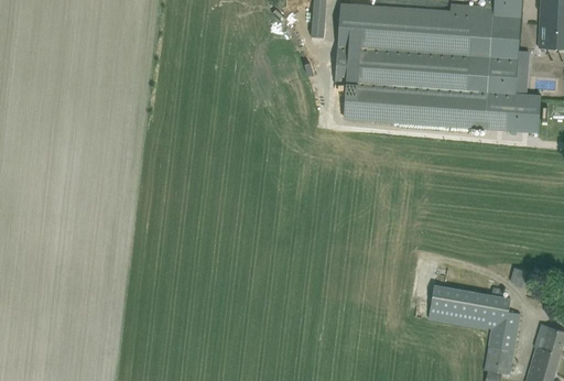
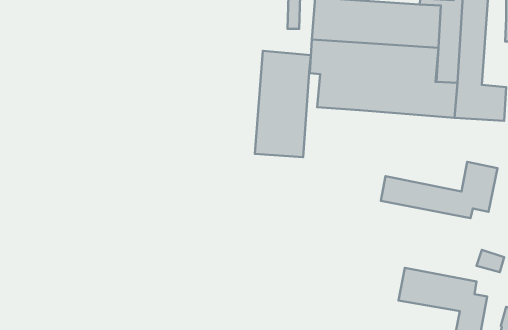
building: none -> [255,51,311,157]
building: none -> [381,162,497,218]

